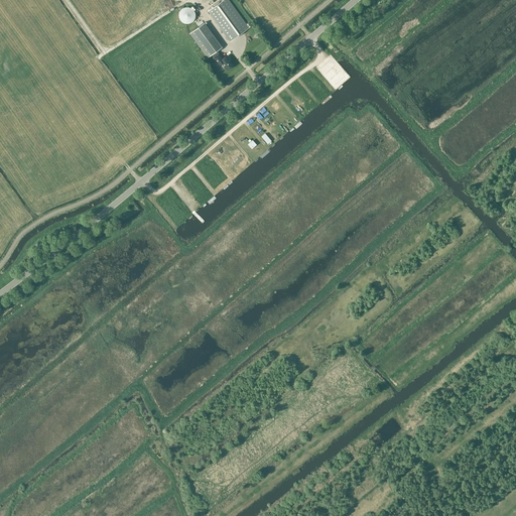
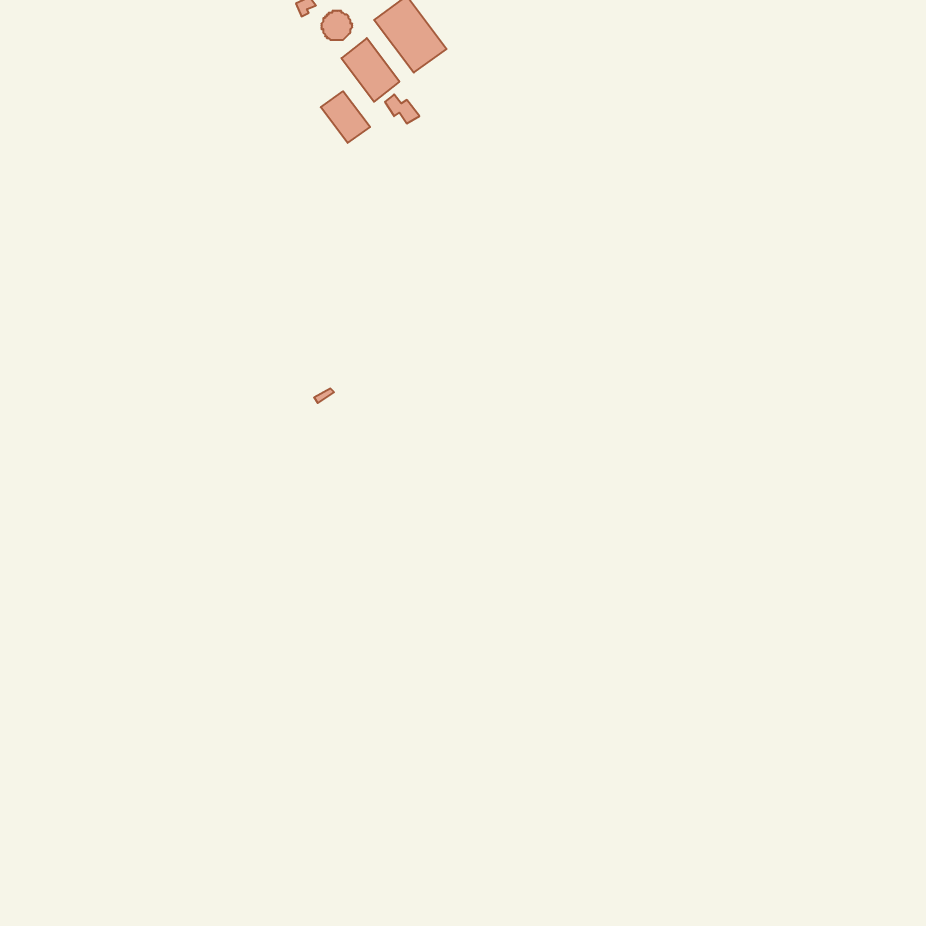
building: none -> [321,91,370,143]

